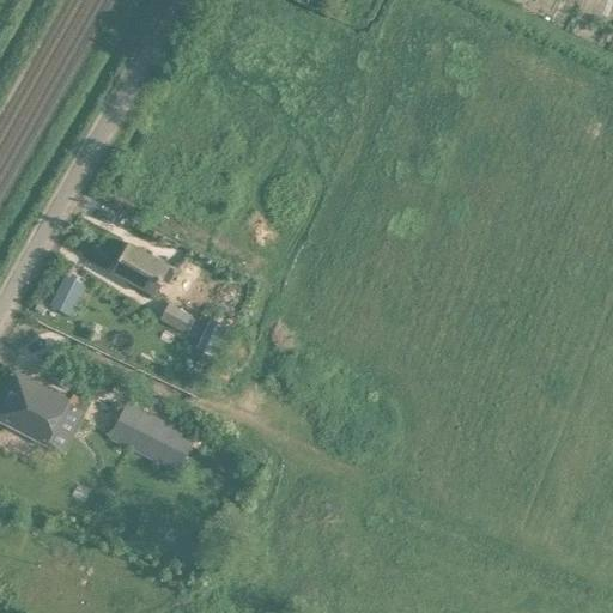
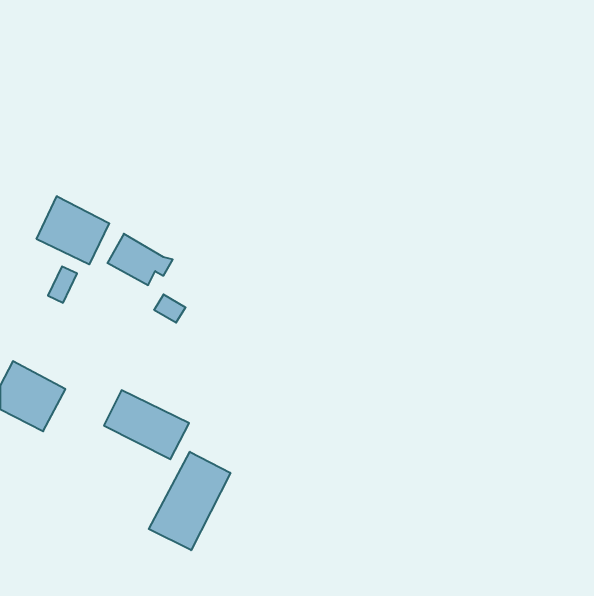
building: none -> [37,196,109,264]
building: none -> [149,452,230,550]

